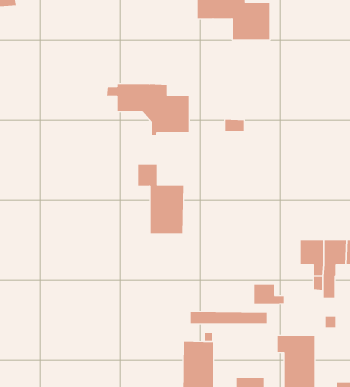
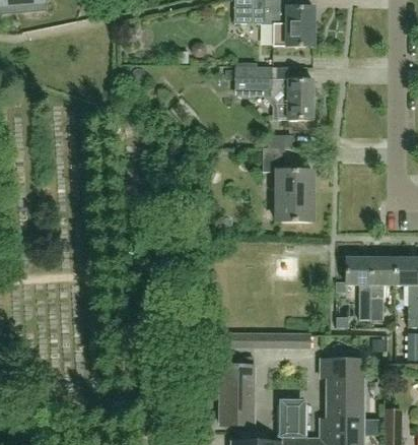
building: [106,84,189,136] -> [224,66,312,121]
building: [137,164,184,234] -> [263,146,312,220]
building: [254,284,284,305] -> none

